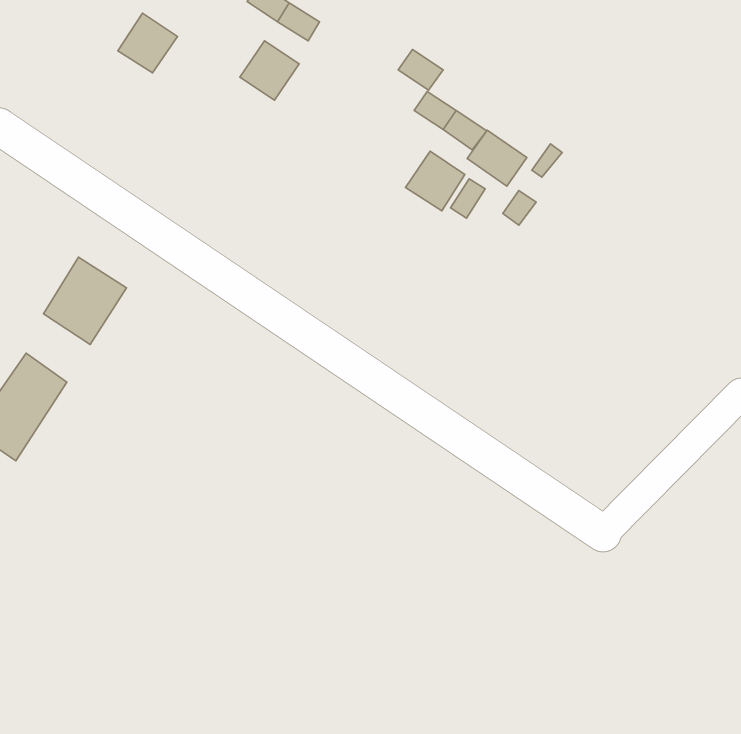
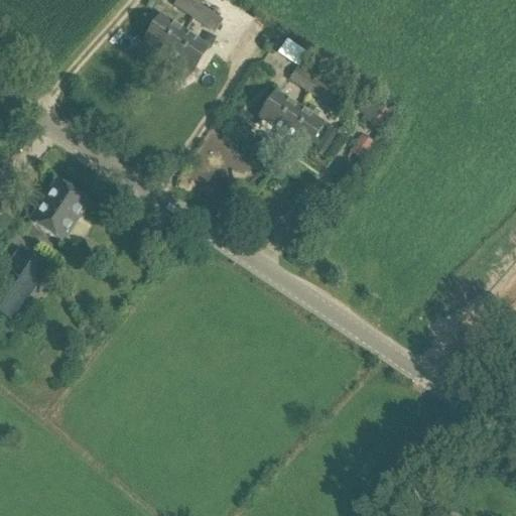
building: [118,13,177,73] -> [142,12,183,53]
building: none -> [257,89,298,130]
building: [467,130,527,186] -> none

